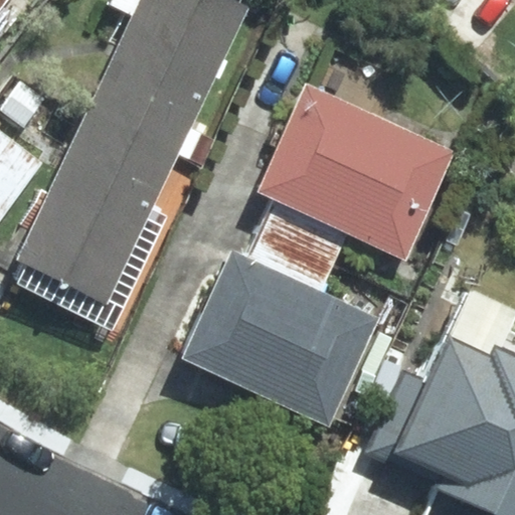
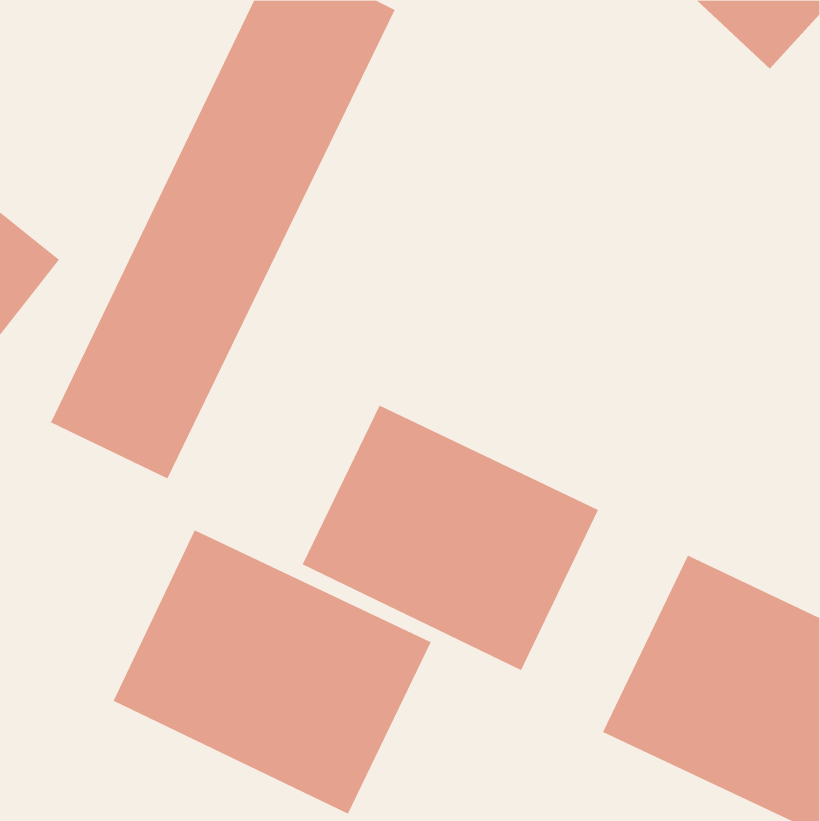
building: [265,87,446,251] -> none
building: none -> [113,529,431,815]

